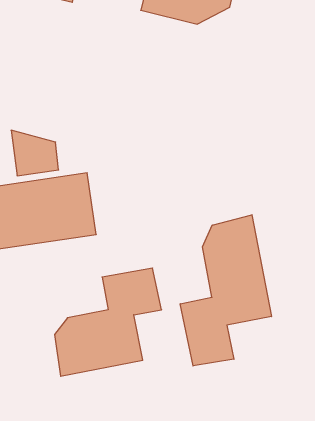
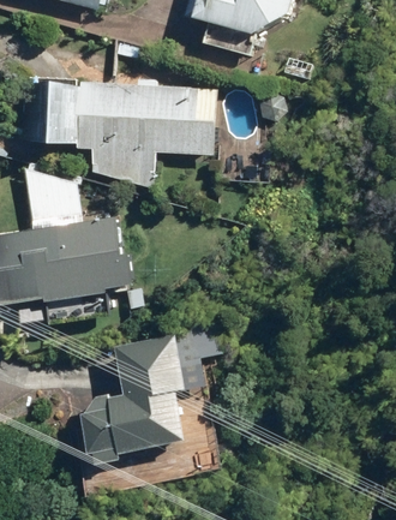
building: none -> [26,77,217,186]
building: [180,215,271,366] -> none

